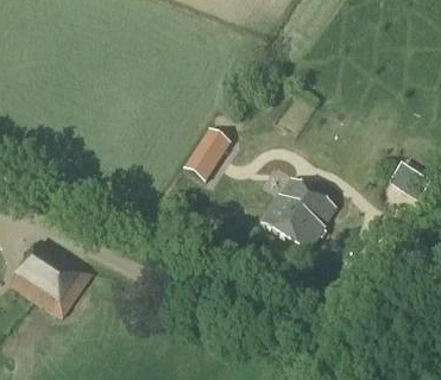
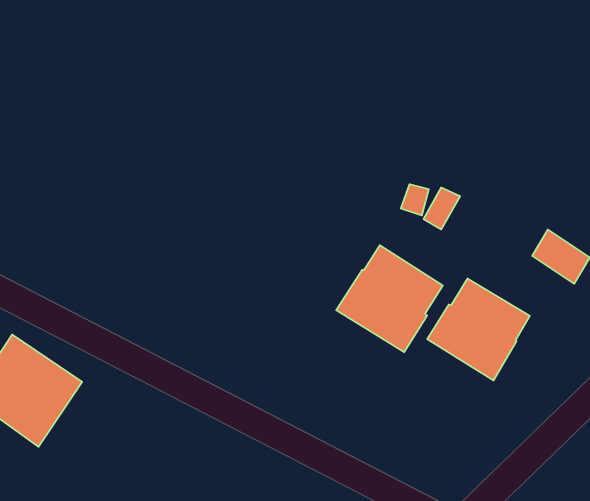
building: [190,127,229,167] -> none
building: none -> [427,278,530,380]

